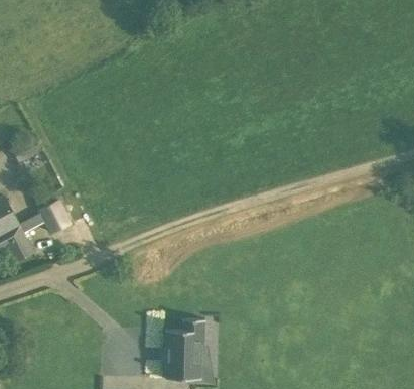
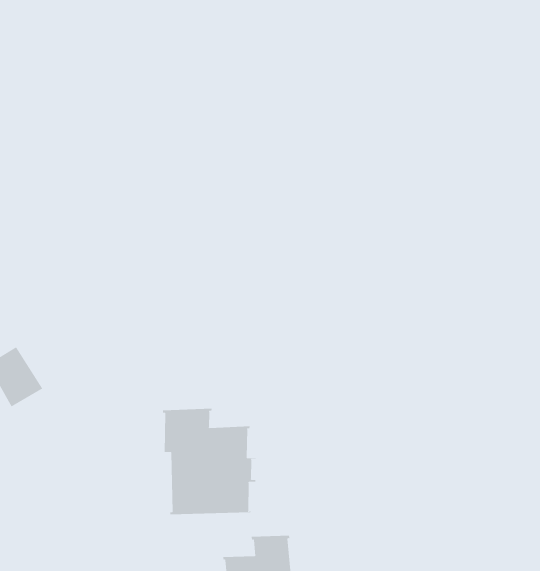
building: none -> [162,408,256,515]

